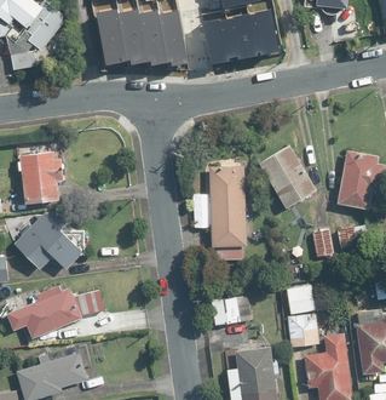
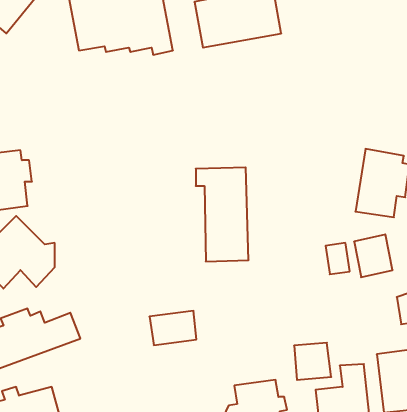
building: [259,143,317,207] -> none
building: [286,285,315,314] -> none
building: [211,296,250,325] -> [149,311,196,345]

